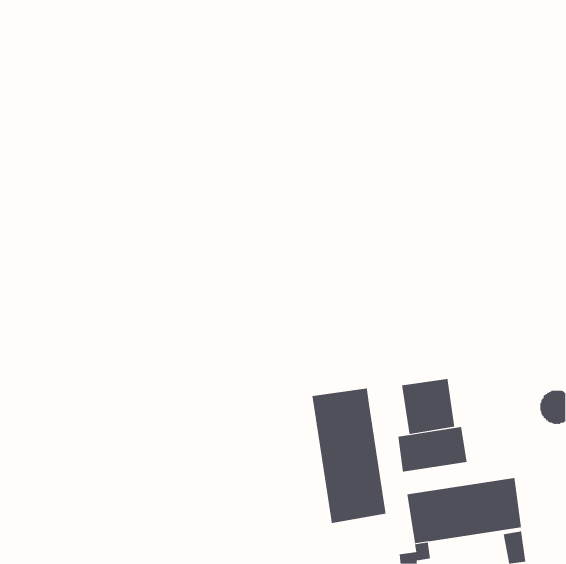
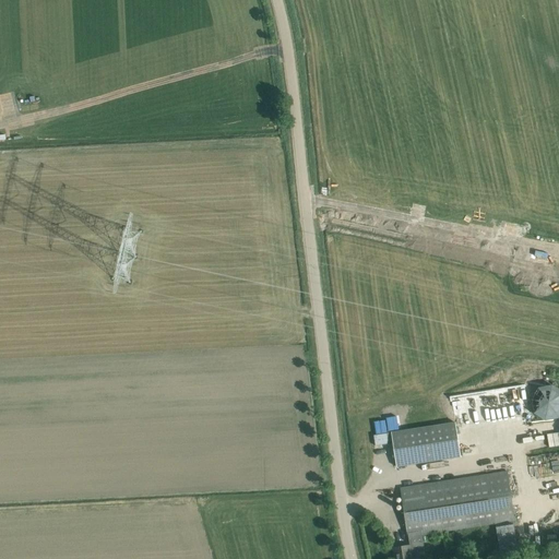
building: [402,378,455,435] -> none
building: [312,387,386,524] -> none

